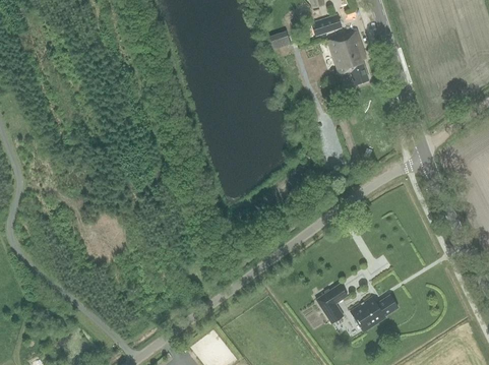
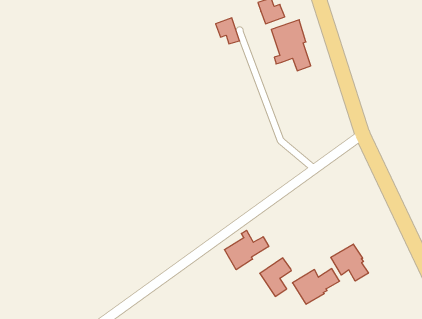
building: none -> [224,230,269,270]
building: none -> [331,244,368,281]

